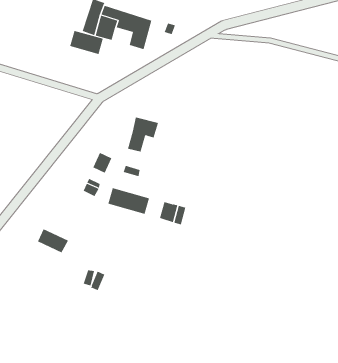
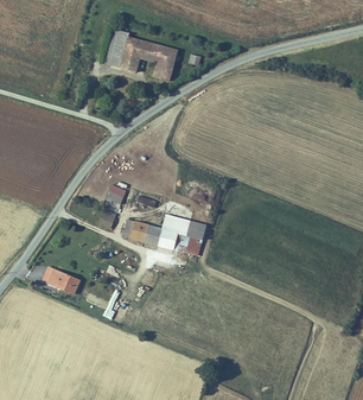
building: [70,30,103,55] -> none
building: [127,117,159,152] -> [163,215,195,250]

